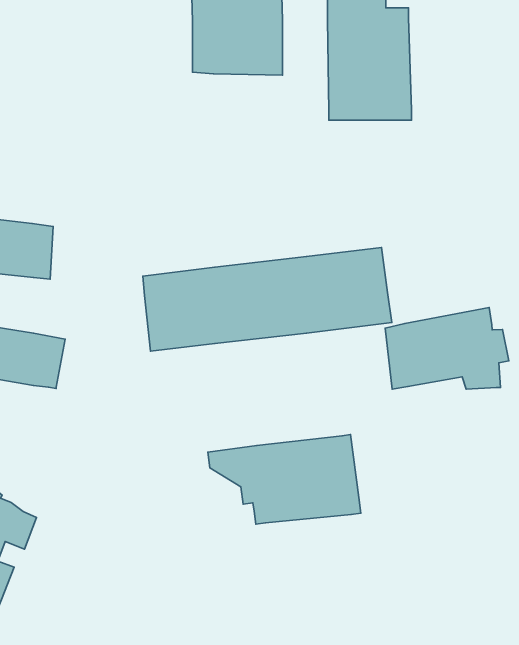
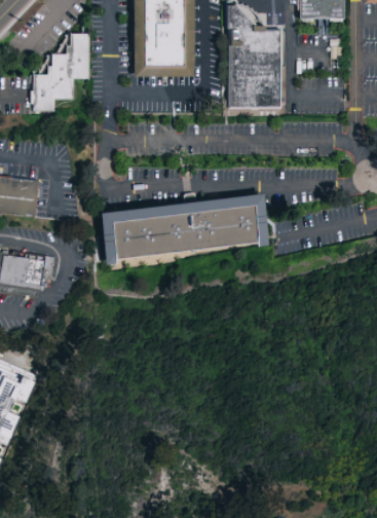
building: none -> [34,30,88,111]
building: [385,307,509,389] -> none
building: [208,435,361,524] -> none

